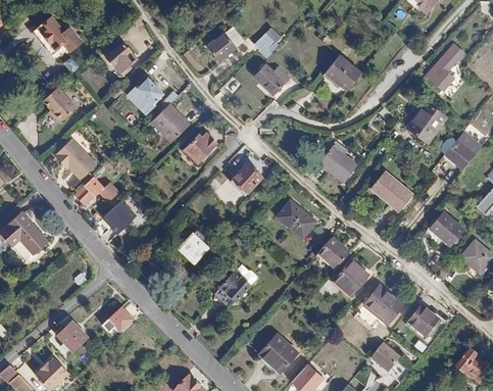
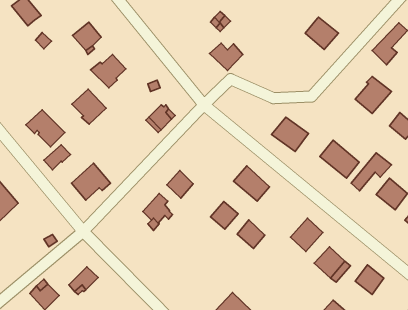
building: [206,32,235,60] -> none
building: [325,54,360,89] -> [305,17,338,49]
building: [43,86,77,121] -> none
building: [151,104,188,142] -> [72,89,106,124]
building: [232,164,260,194] -> [167,170,193,198]
building: none -> [351,153,392,191]
building: [319,235,349,265] -> [237,220,265,248]
building: [218,267,248,297] -> [211,202,238,229]

